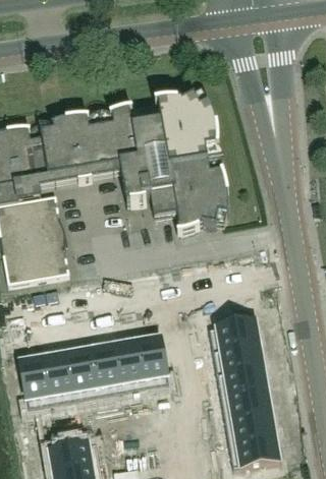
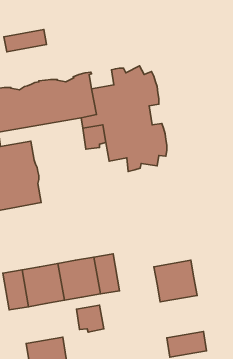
building: none -> [4,30,47,52]
building: [209,319,260,352] -> none
building: [221,388,276,442] -> none
building: none -> [76,305,104,332]

